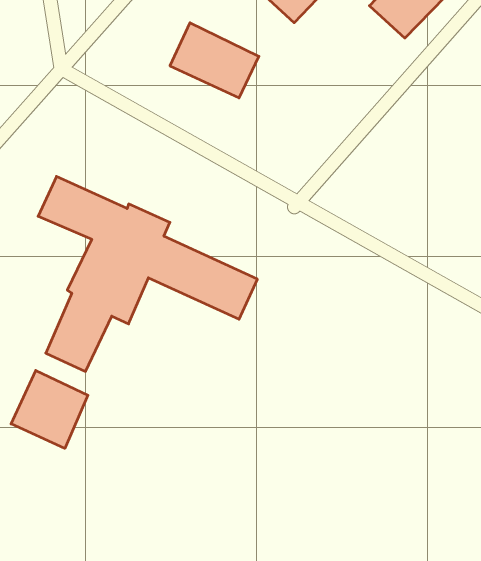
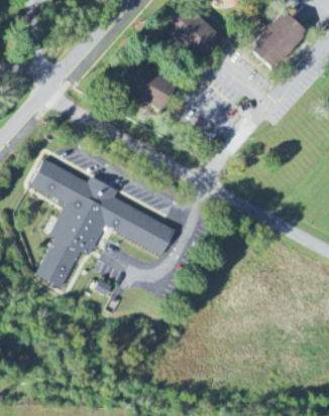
building: [11,370,88,448] -> none

